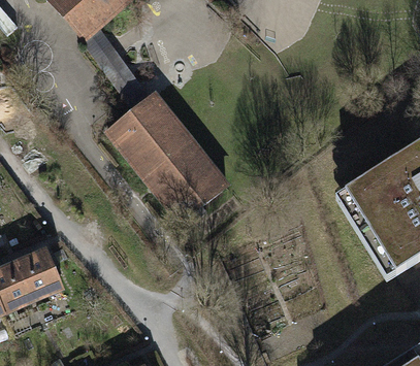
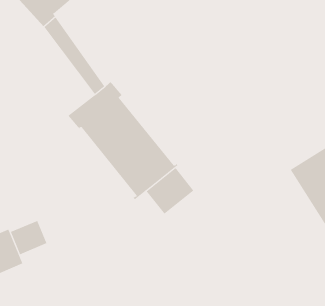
building: none -> [146,167,194,215]
building: none -> [10,220,47,255]

